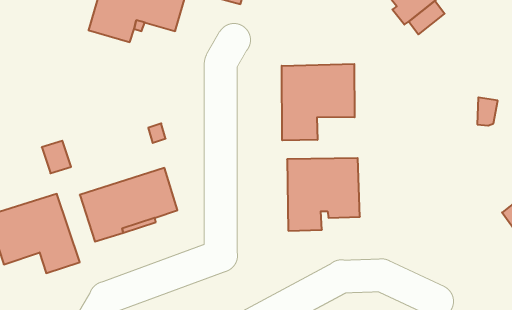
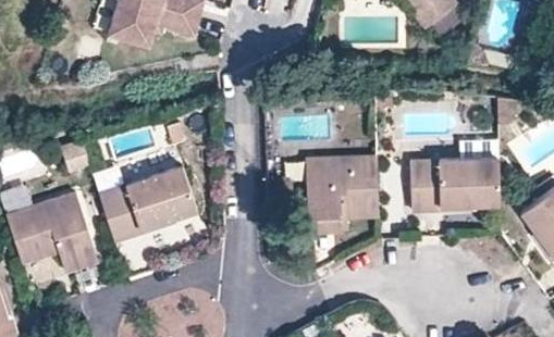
building: [282,64,355,140] -> none
building: none -> [409,160,500,212]

